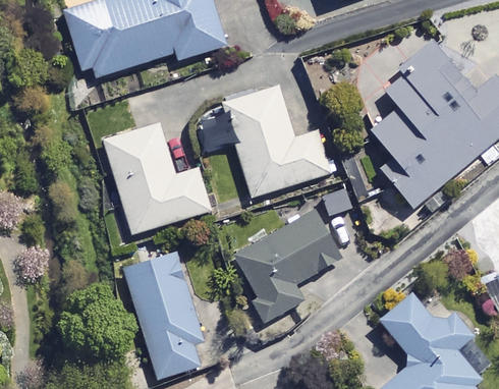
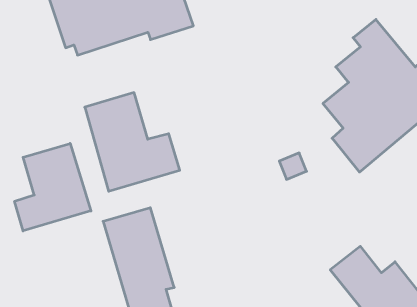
building: [223,89,335,199] -> none
building: none -> [15,143,91,231]
building: [231,212,337,319] -> none

